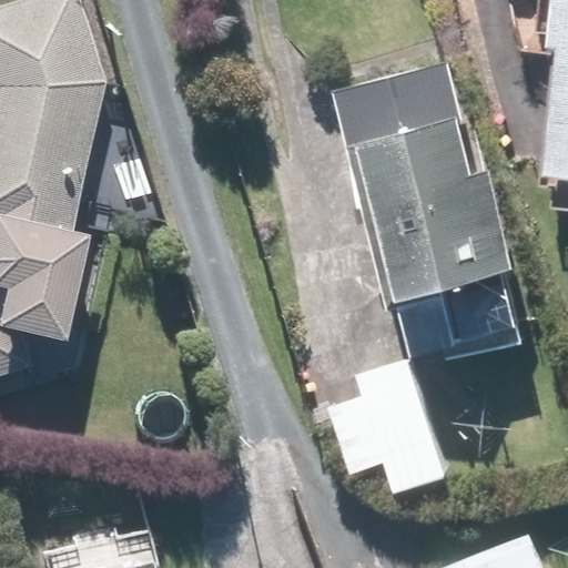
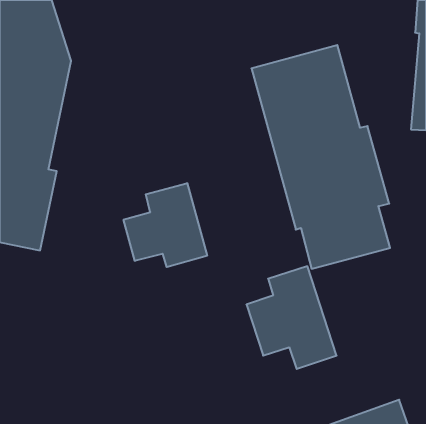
building: none -> [124,183,207,267]

